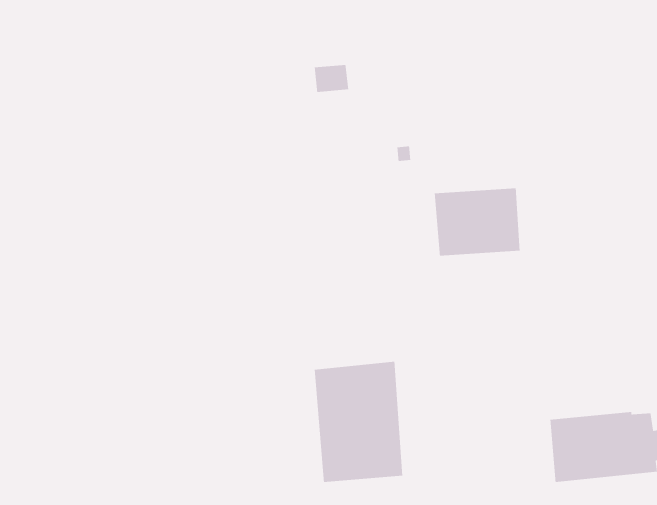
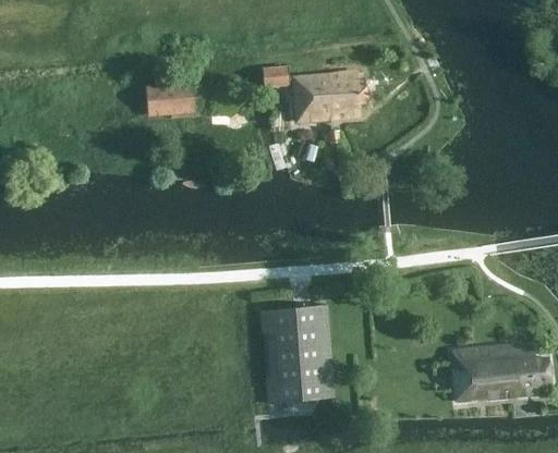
building: none -> [143,73,194,119]
building: [434,187,521,257] -> [298,68,367,123]

